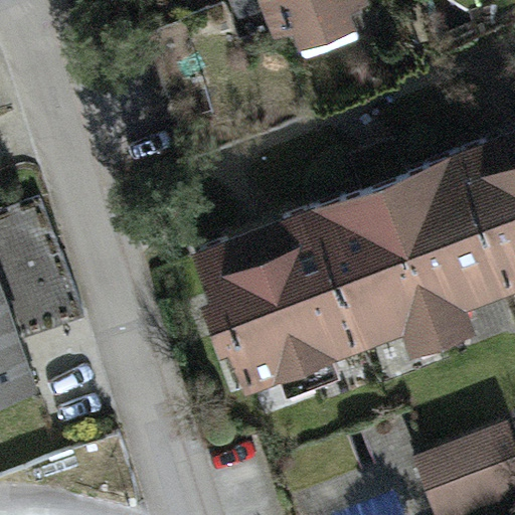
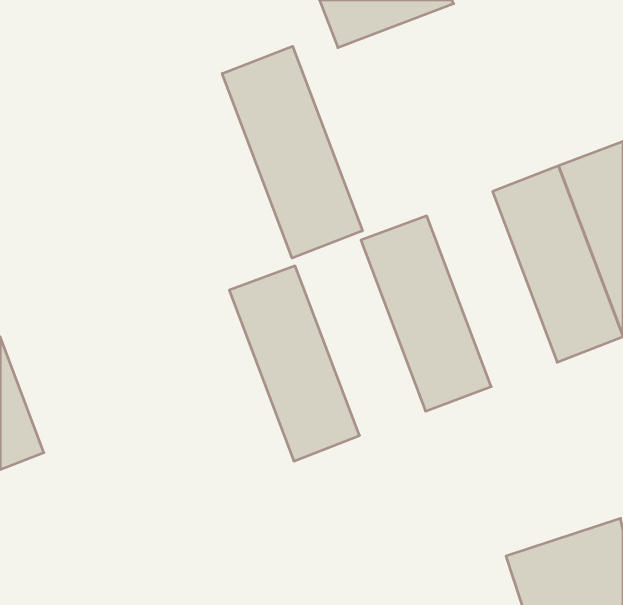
building: none -> [222,46,362,258]
building: [352,173,460,334] -> none
building: [243,213,351,374] -> none

